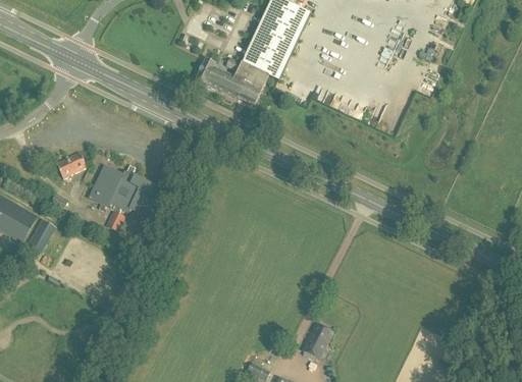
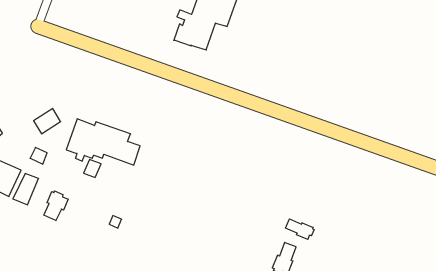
building: [195,59,226,90] -> none
building: none -> [44,191,68,221]
building: none -> [285,219,314,239]

